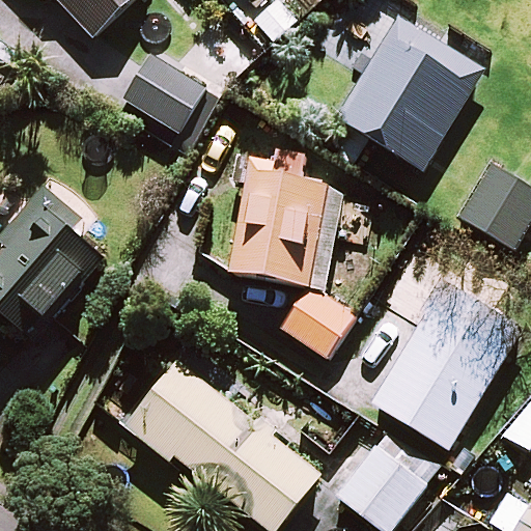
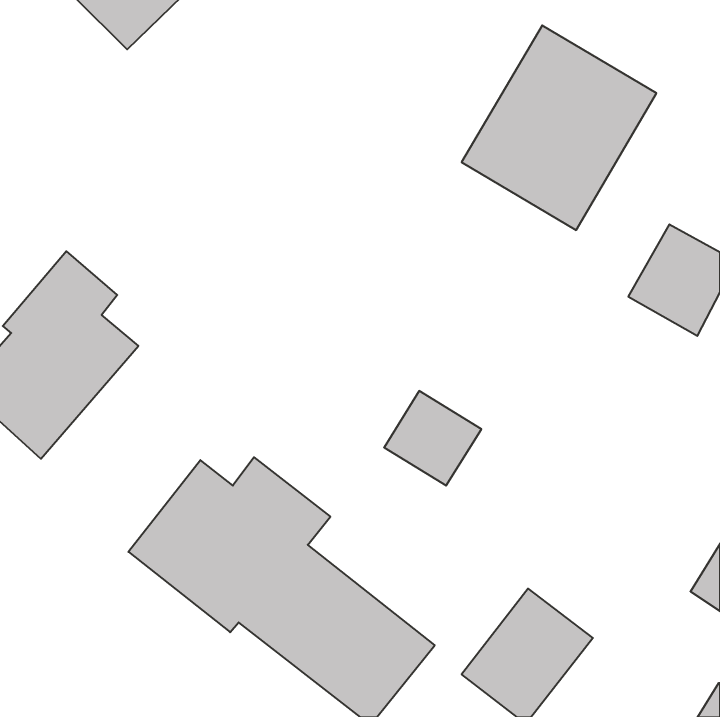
building: [124,56,208,135] -> none
building: [228,149,342,287] -> none
building: [373,294,514,448] -> none

